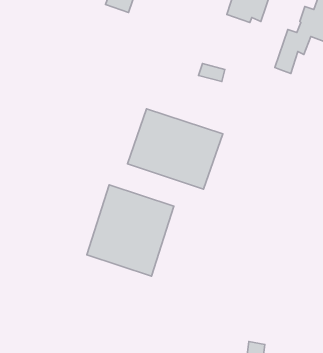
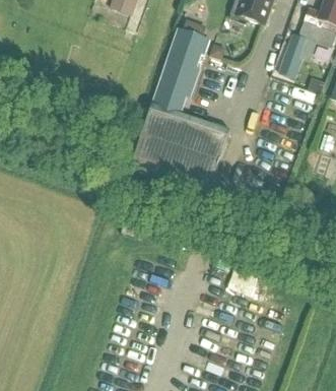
building: none -> [153,25,211,111]
building: [87,185,174,276] -> none

